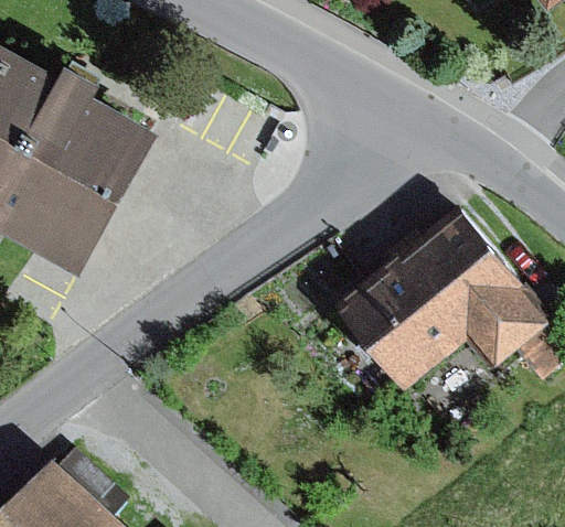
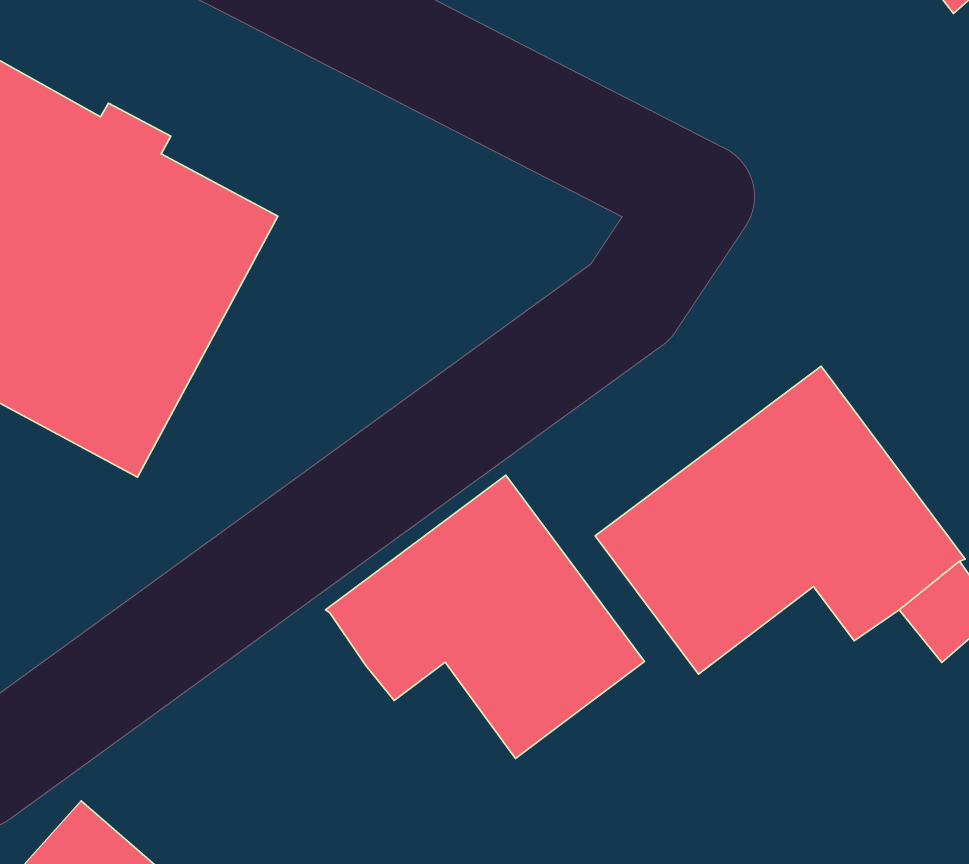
building: none -> [325,475,645,758]

